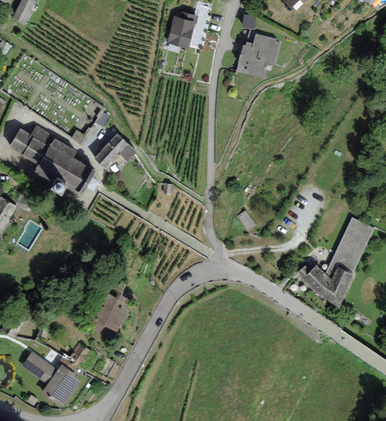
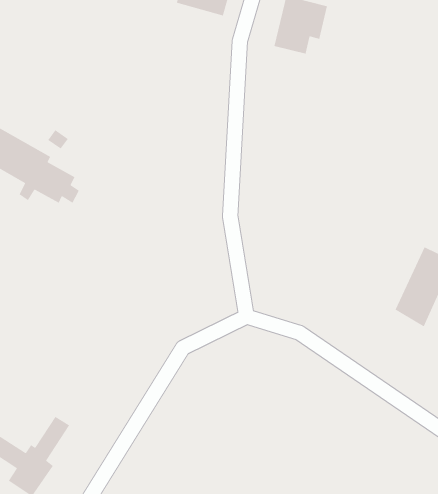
building: [91,131,136,170] -> none
building: [291,260,350,308] -> none
building: [87,294,122,335] -> none

